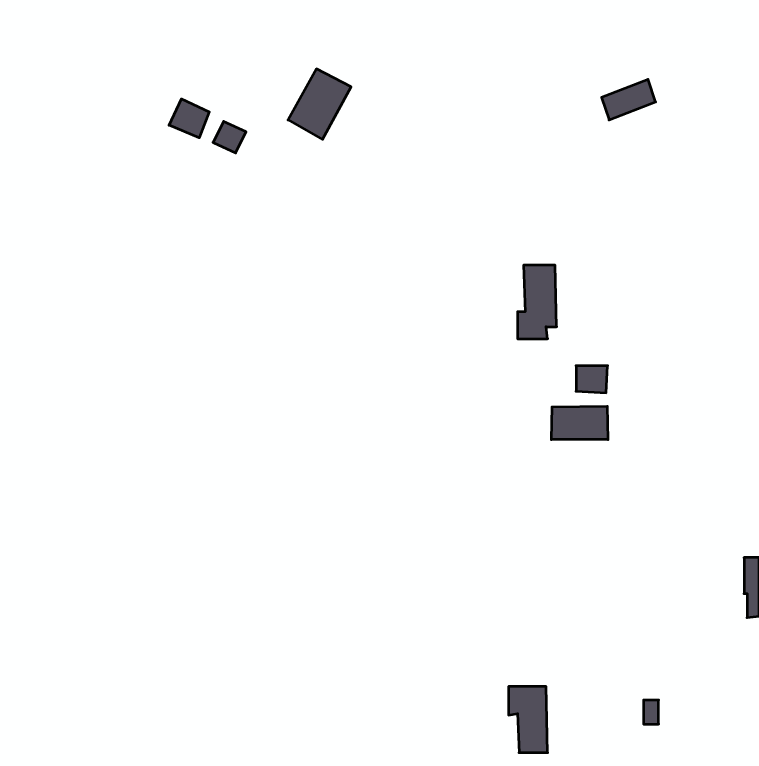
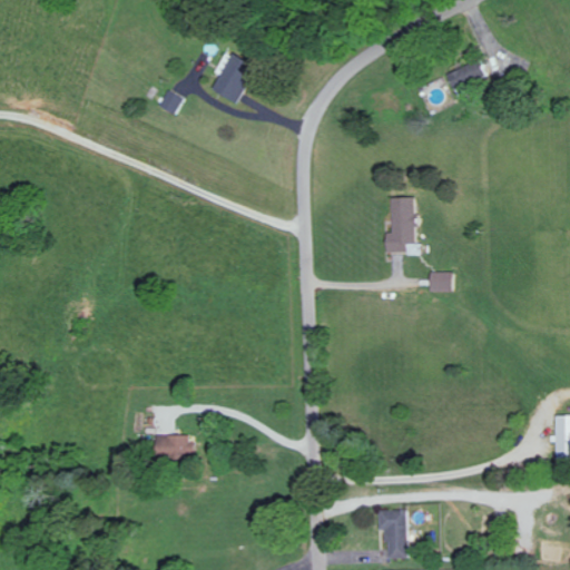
building: [169,99,209,138] -> none
building: [551,406,608,440] -> none
building: none -> [155,434,190,459]

